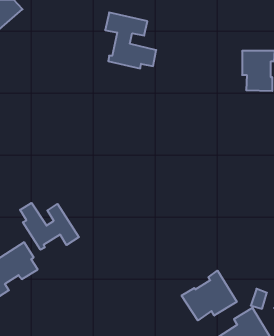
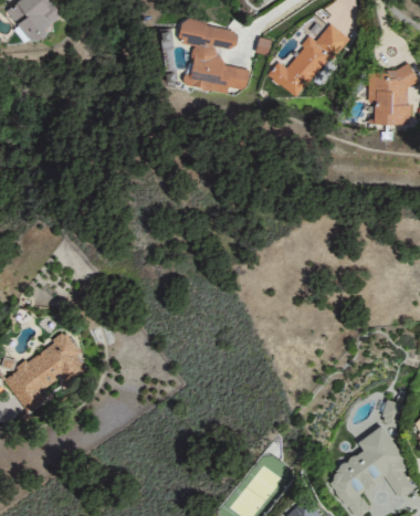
building: none -> [266,24,347,101]
building: [20,203,79,250] -> none
building: [182,271,237,320] -> none

